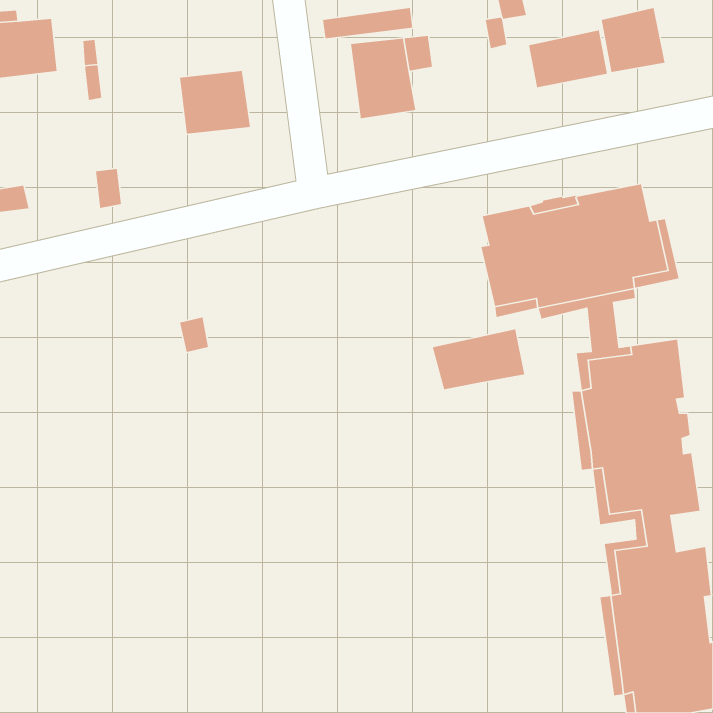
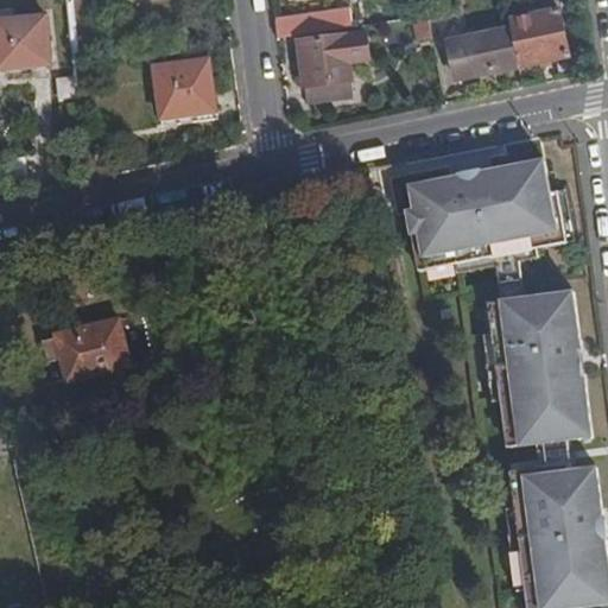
building: [432,328,525,390] -> none
building: none -> [55,319,129,381]

